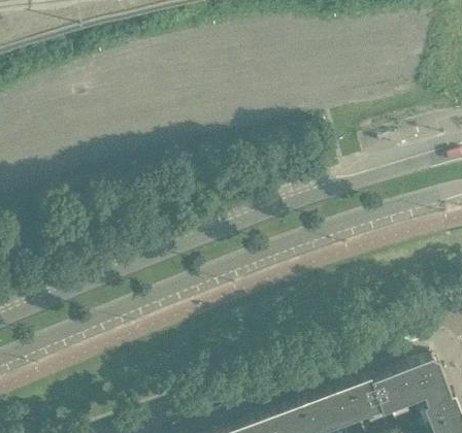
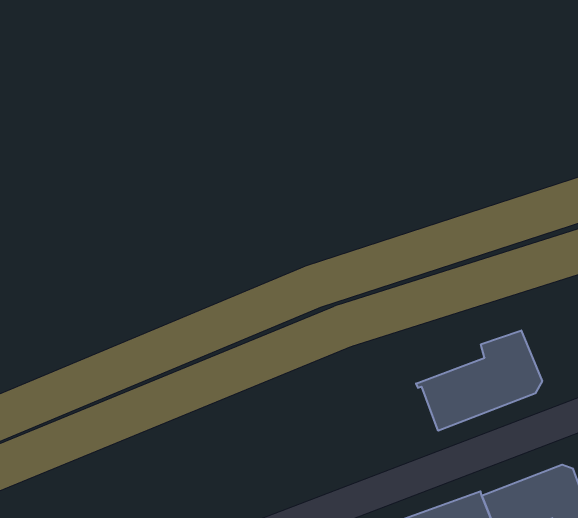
building: none -> [416,330,542,431]

